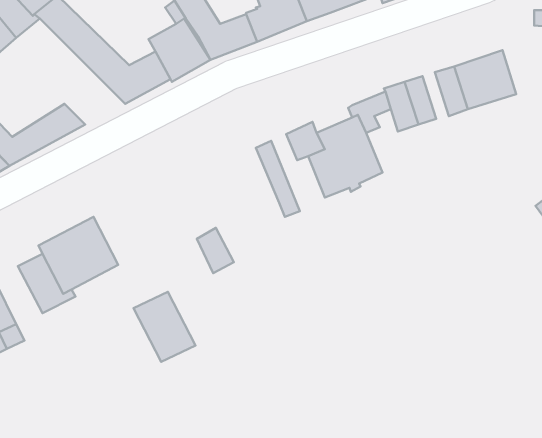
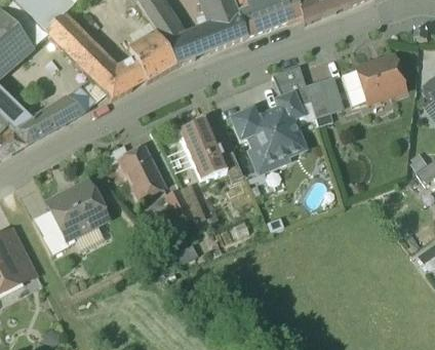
building: none -> [271,65,305,96]
building: none -> [177,116,226,177]
building: [134,292,195,362] -> [117,147,163,199]

